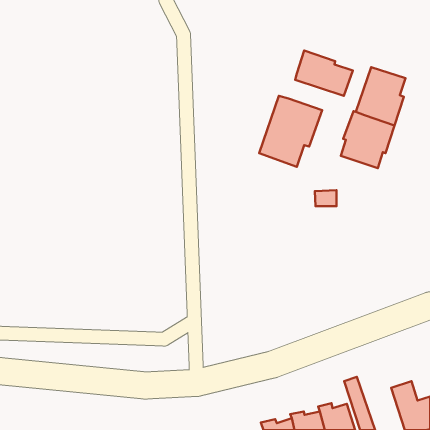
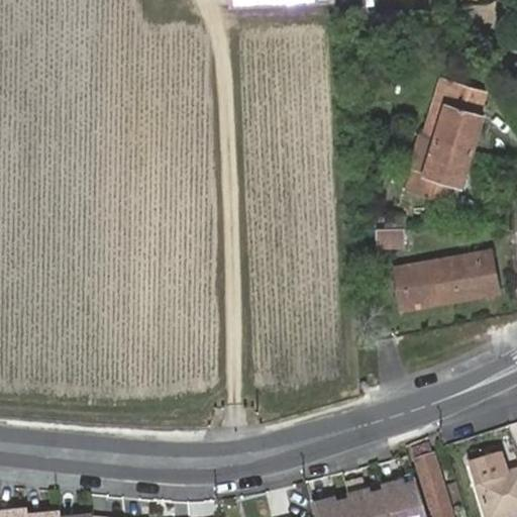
building: [295,51,353,96] -> none
building: [259,96,322,167] -> none
building: none -> [394,251,499,308]

